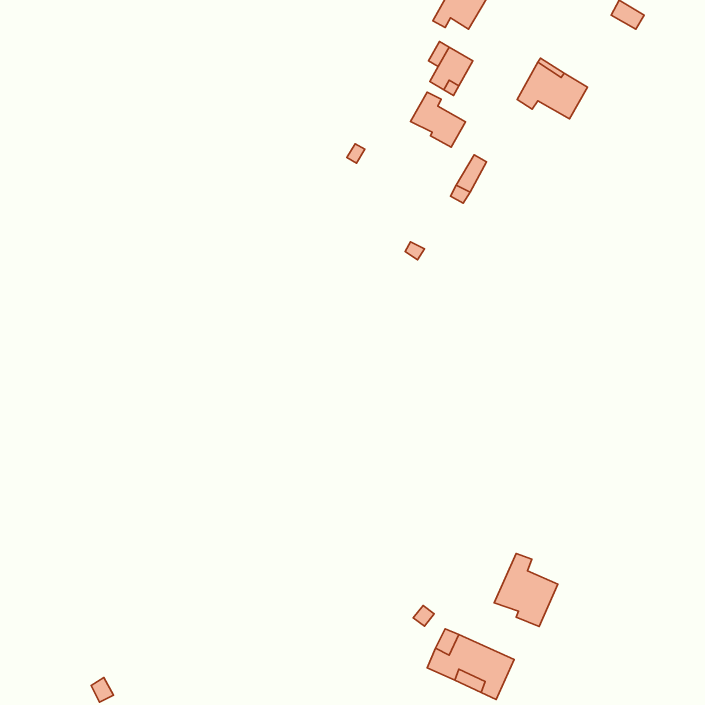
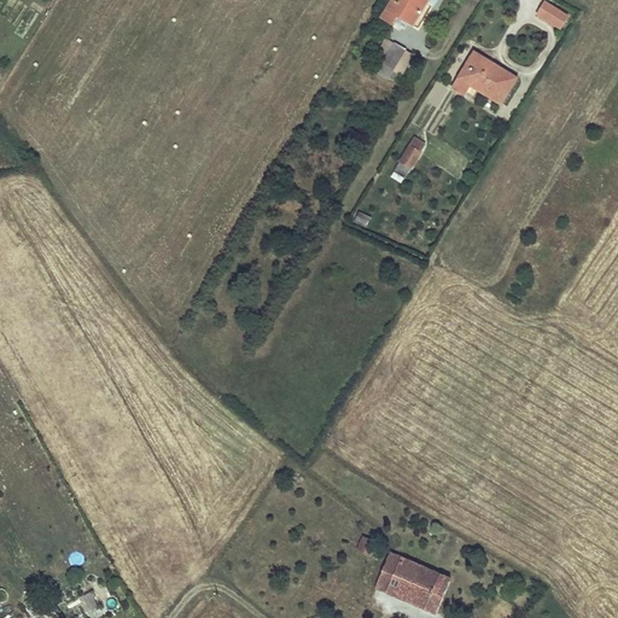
building: [410,92,465,147] -> none
building: [494,554,558,627] -> none

